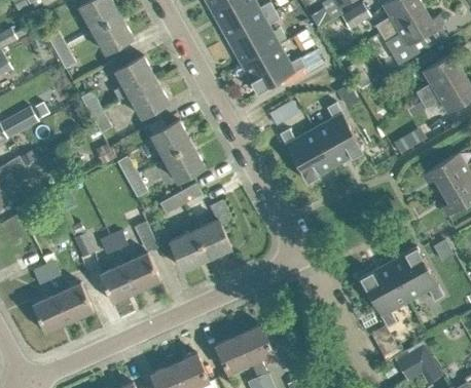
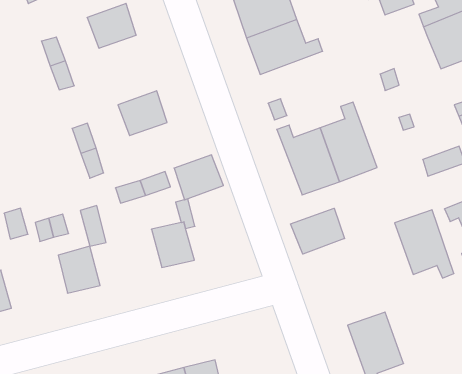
building: [128,79,169,118] -> none
building: [164,144,205,183] -> [174,155,223,200]
building: none -> [290,208,345,254]
building: [170,230,207,270] -> none
building: [389,248,442,302] -> [395,210,454,278]
building: [99,263,136,303] -> none

